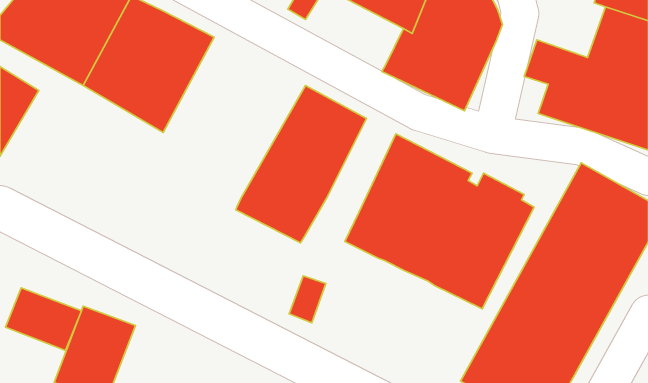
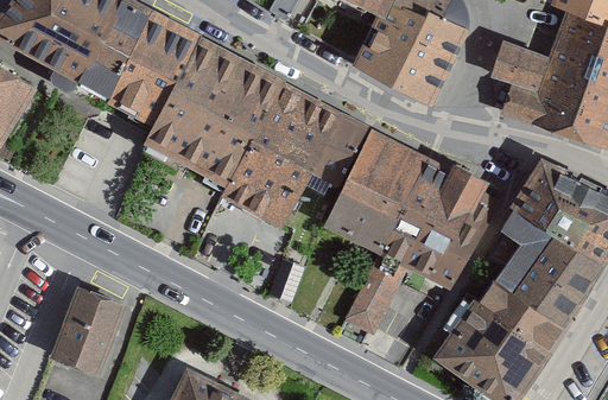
building: none -> [144,37,286,188]
building: none -> [306,113,370,201]
building: none -> [346,265,407,336]
building: [5,288,81,350] -> none

